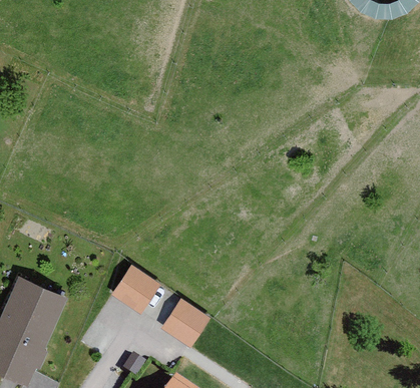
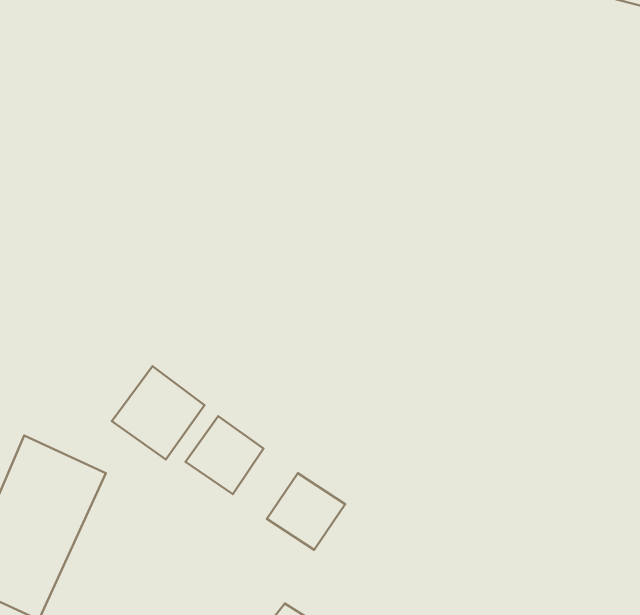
building: none -> [112,366,204,460]

